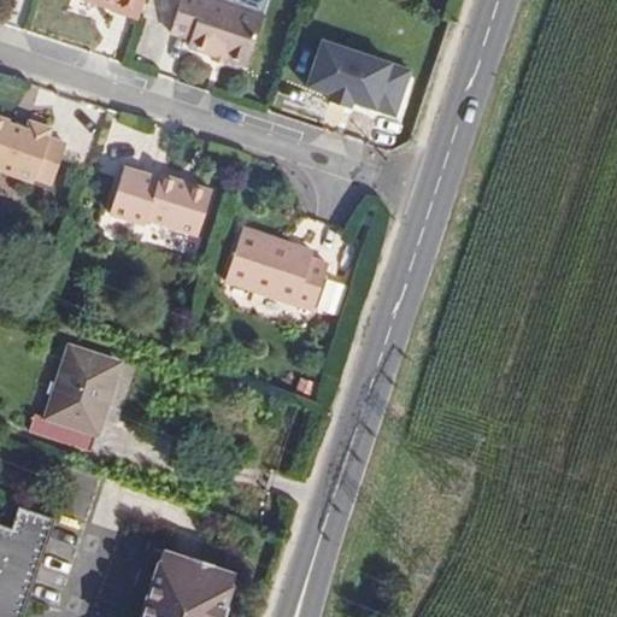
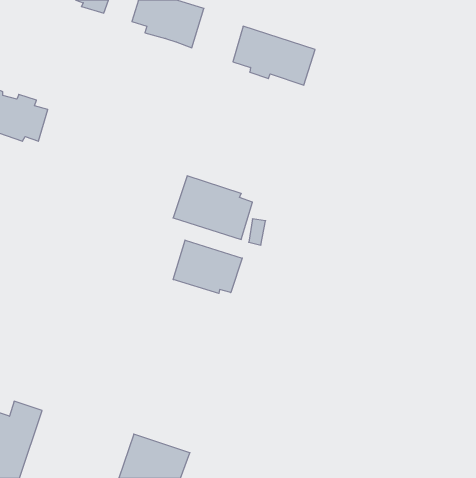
building: [105,168,206,236] -> none
building: none -> [173,240,242,293]
building: [33,348,116,446] -> none

